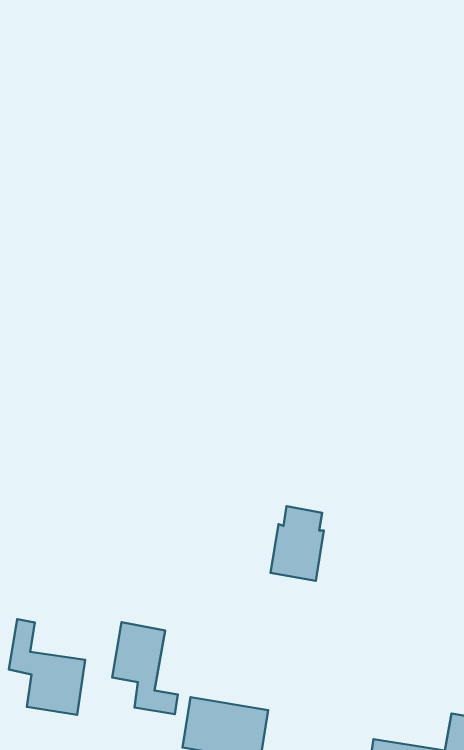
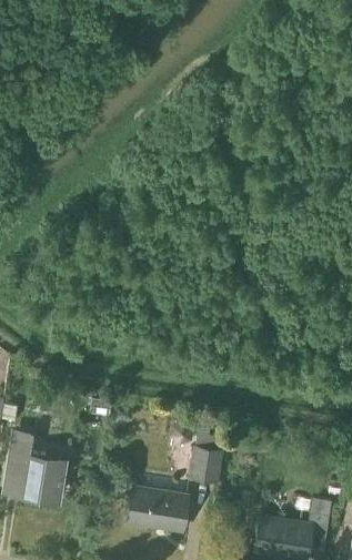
building: [270,506,324,581] -> [188,432,224,483]
building: [112,622,178,714] -> none

